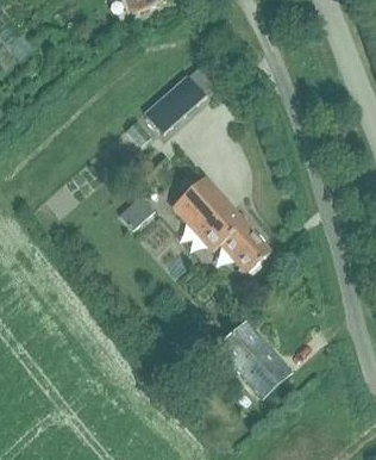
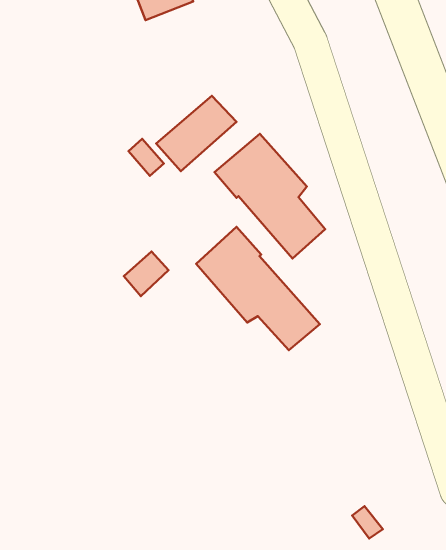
building: none -> [215,134,325,259]
building: [218,323,289,398] -> none

